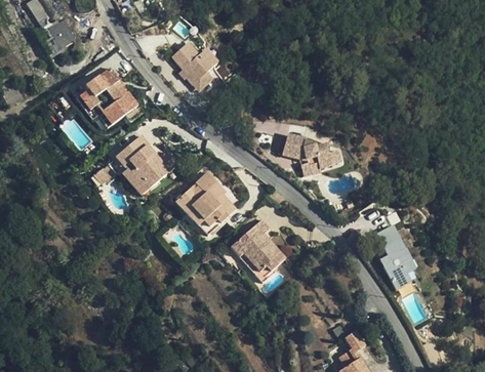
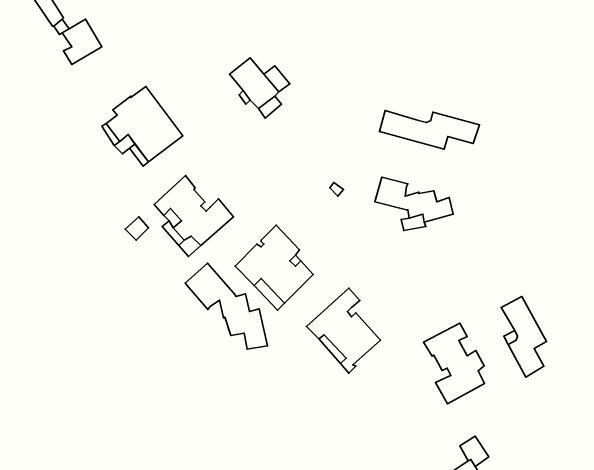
building: none -> [379,110,480,149]
building: none -> [185,263,267,349]
building: none -> [423,323,484,404]

